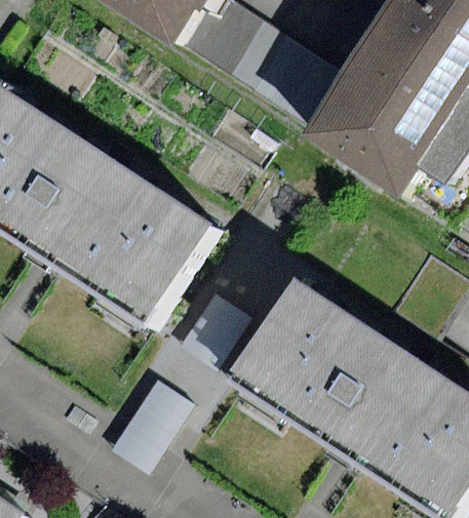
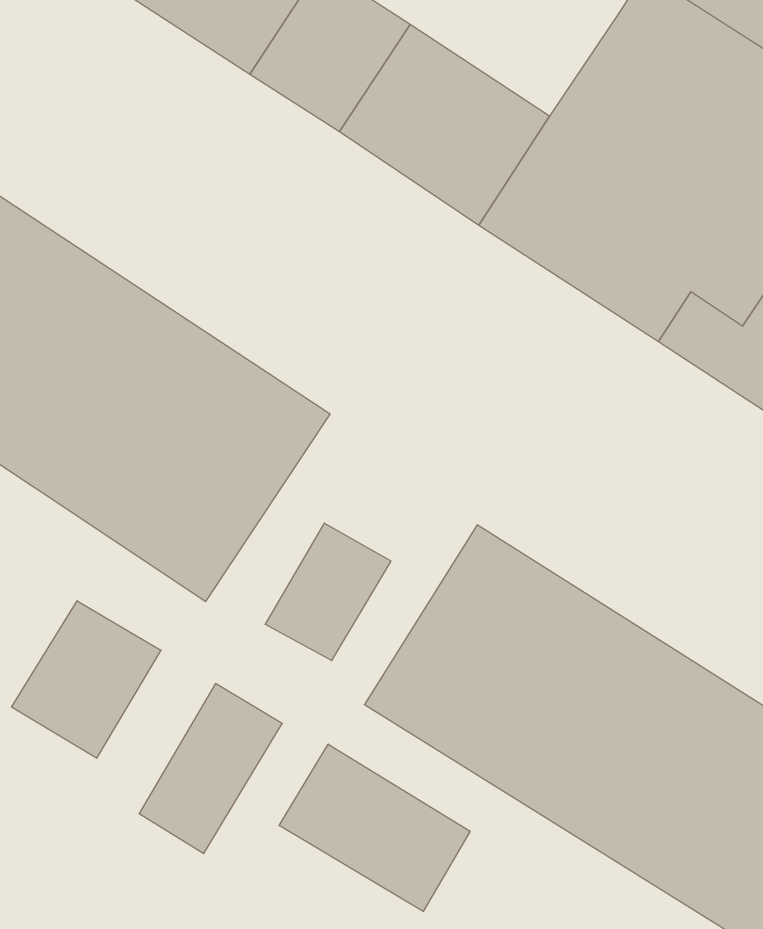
building: none -> [12,601,161,758]
building: none -> [279,744,470,912]

